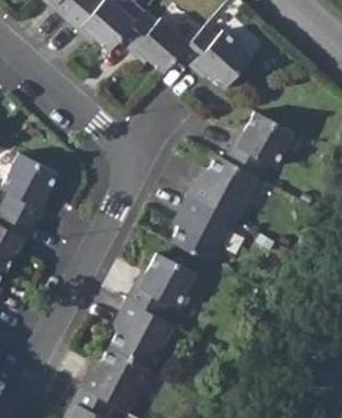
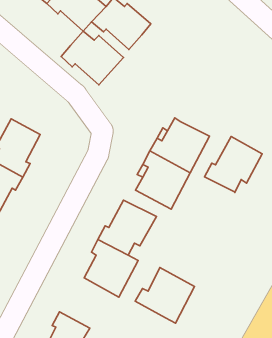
building: [178,24,252,88] -> [61,31,123,85]
building: [224,110,293,177] -> [205,137,262,192]
building: [80,345,151,411] -> [135,267,195,323]

